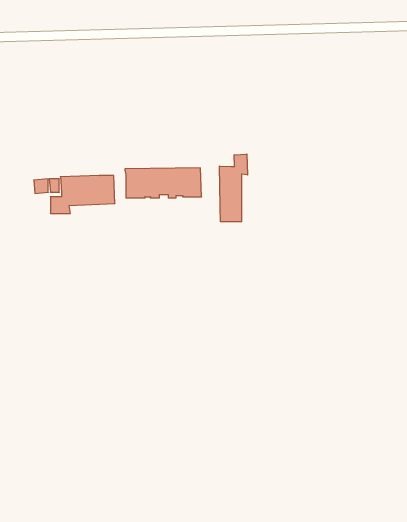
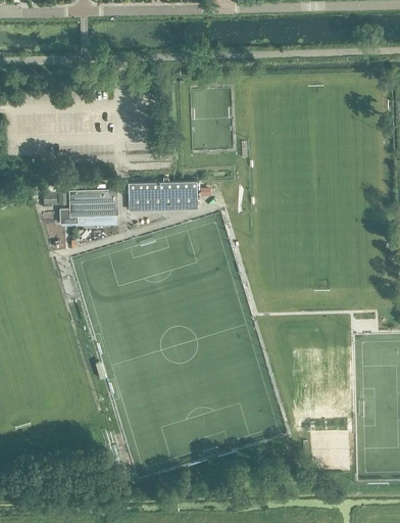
building: [220,154,248,222] -> none

